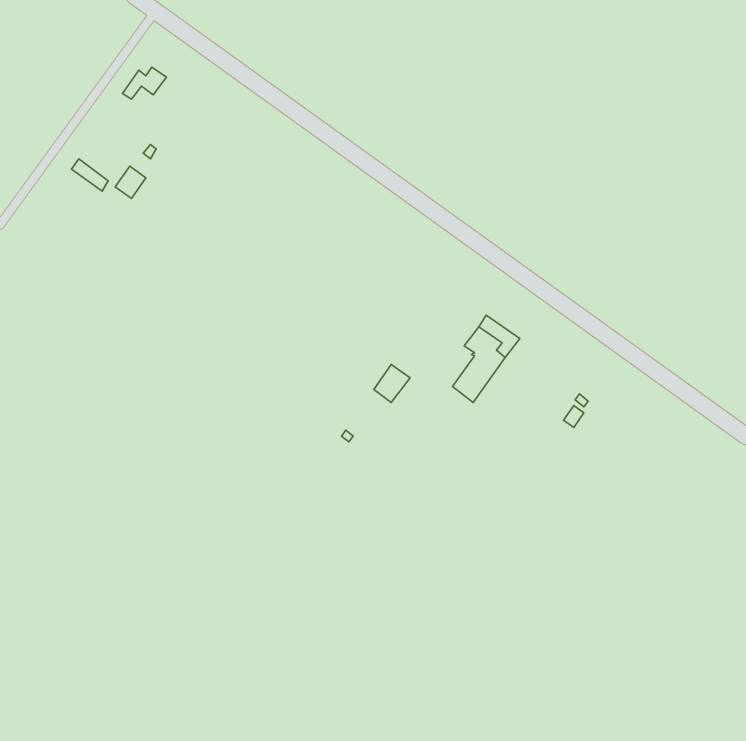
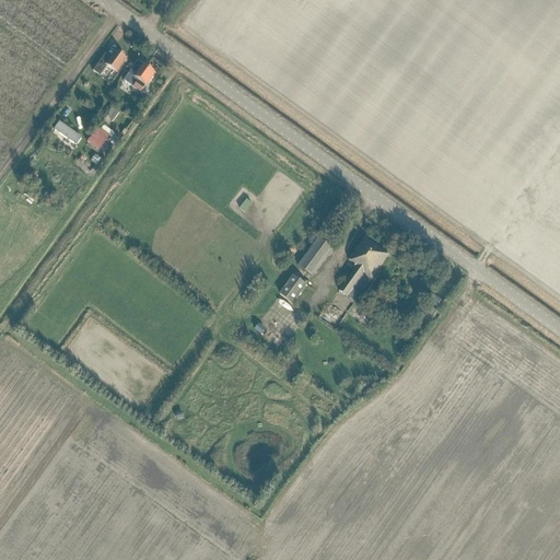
building: none -> [122,59,153,92]
building: none -> [299,236,334,276]

